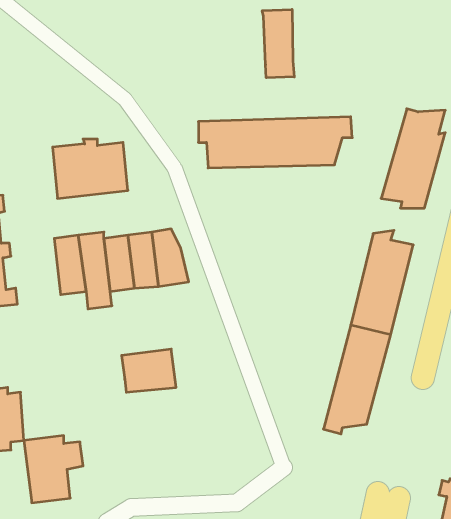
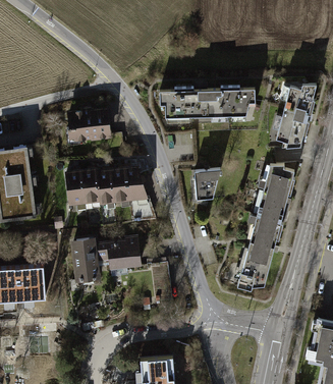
building: [262,9,294,78] -> none
building: none -> [190,171,219,204]
building: [24,436,83,503] -> [71,240,109,283]

